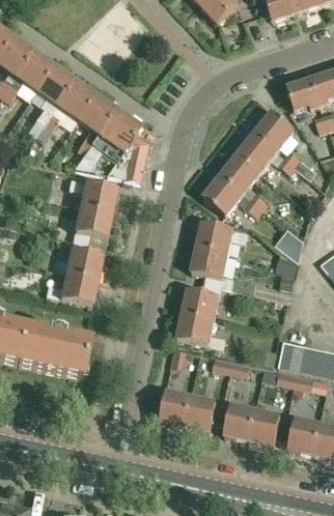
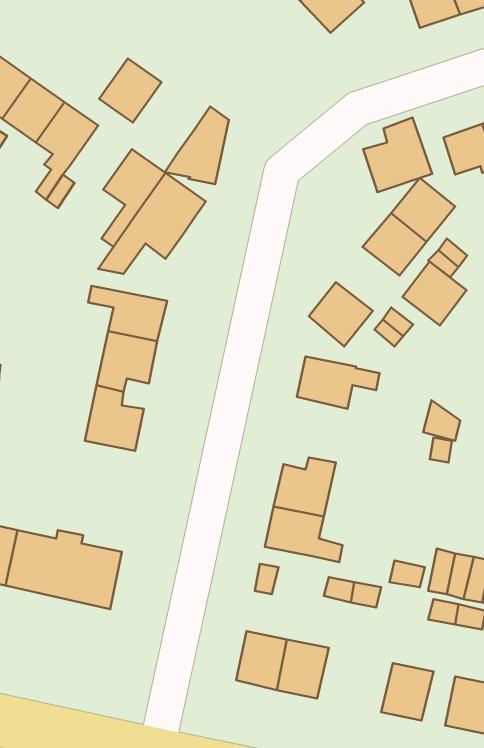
building: none -> [363,117,432,192]
building: [56,79,94,118] -> [99,58,162,122]
building: [107,133,146,180] -> [165,107,229,184]
building: [220,153,259,193] -> [403,261,467,325]
building: [191,246,234,288] -> none
building: [45,273,96,304] -> none
building: [223,403,255,439] -> none

